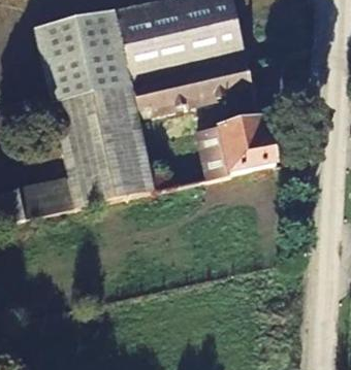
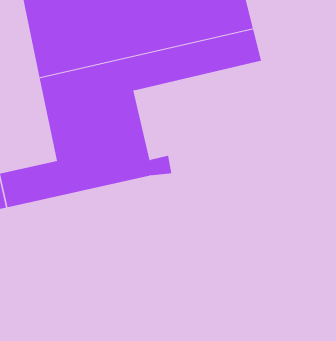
building: [198,116,279,178] -> none

